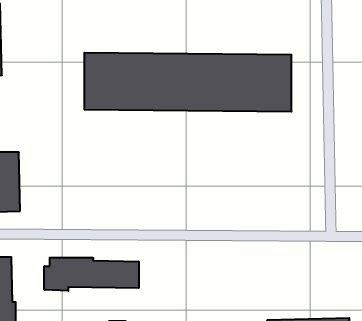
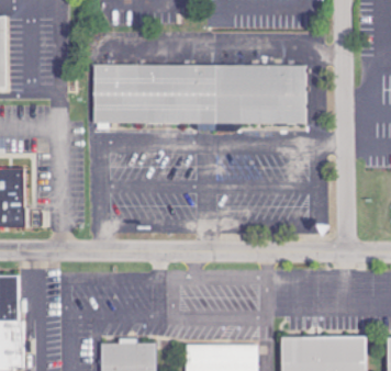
building: [44,258,139,291] -> none

